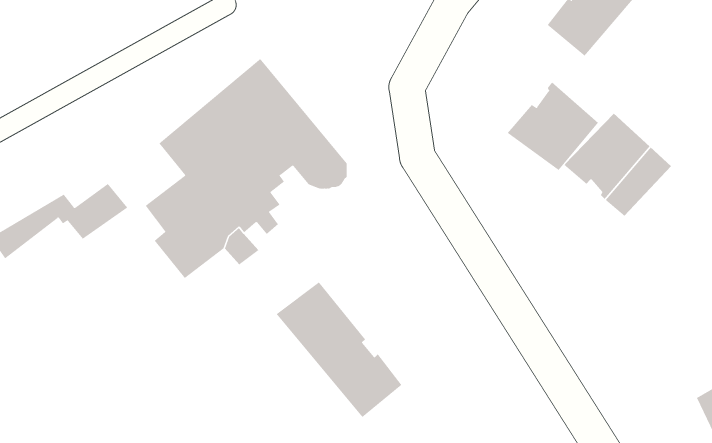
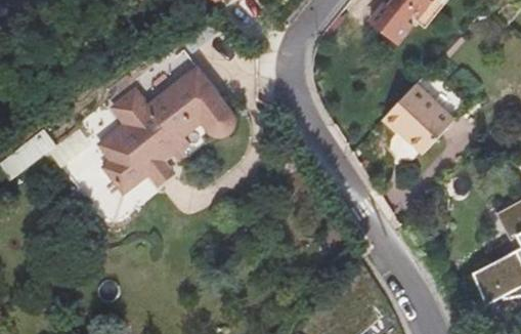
building: [507,81,599,171] -> none
building: [276,281,402,418] -> none

